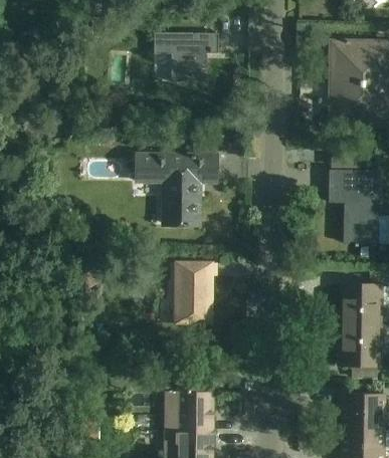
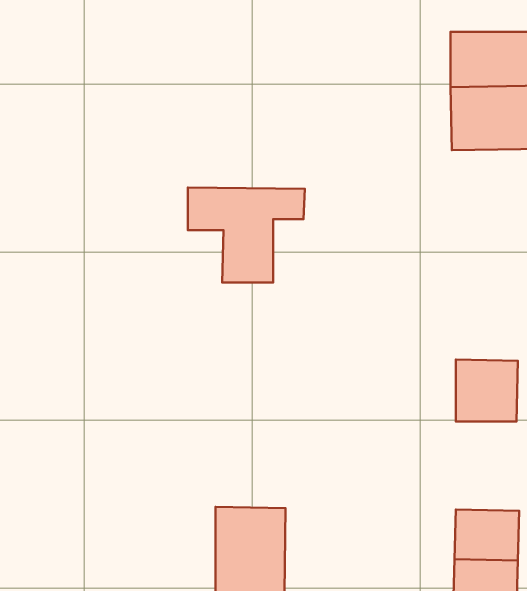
building: [153,34,224,81] -> none
building: [328,171,381,247] -> none
building: [175,261,217,325] -> none
building: [333,325,378,366] -> none

